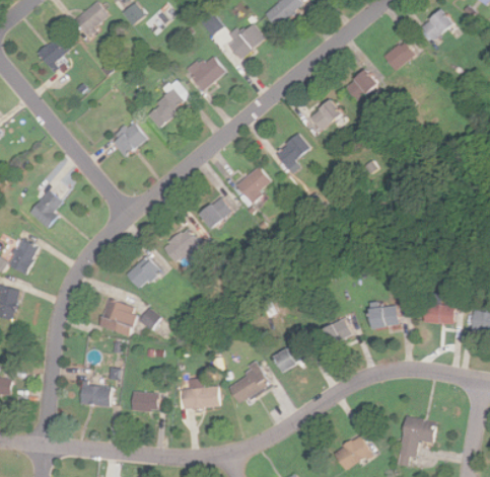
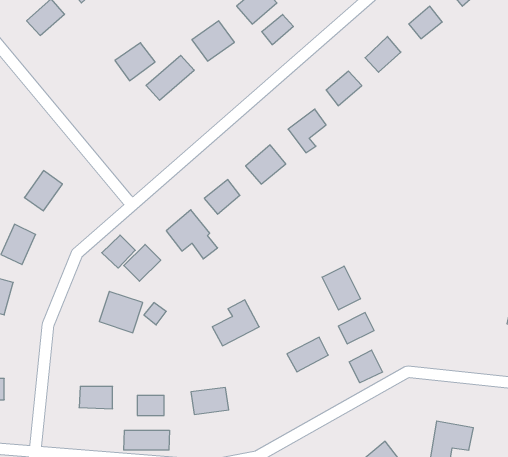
building: none -> [262,14,293,45]
building: [109,122,145,156] -> [115,43,155,81]
building: none -> [102,235,135,268]
building: none -> [322,266,360,310]
building: [422,304,452,324] -> none
building: [367,305,398,329] -> none
building: none -> [349,350,383,383]
building: [226,362,269,403] -> [212,300,259,346]
building: none -> [124,430,169,450]

